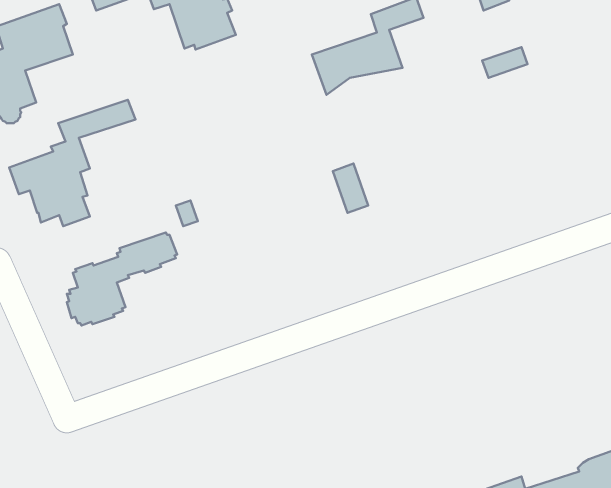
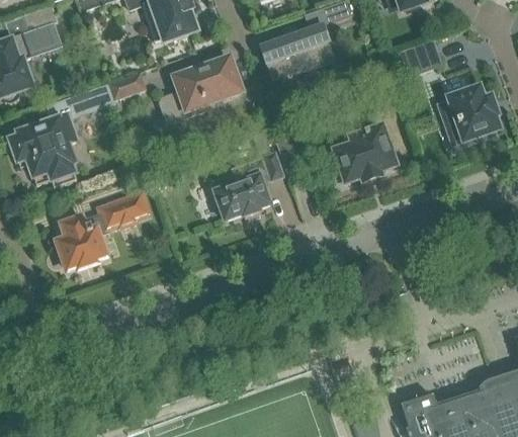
building: none -> [160,57,242,121]
building: none -> [109,72,146,98]
building: none -> [438,86,499,140]
building: none -> [328,125,396,184]
building: none -> [214,152,283,219]

